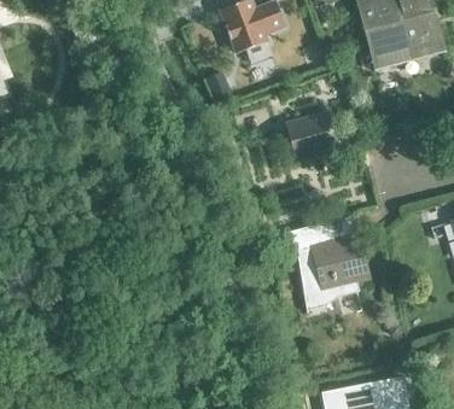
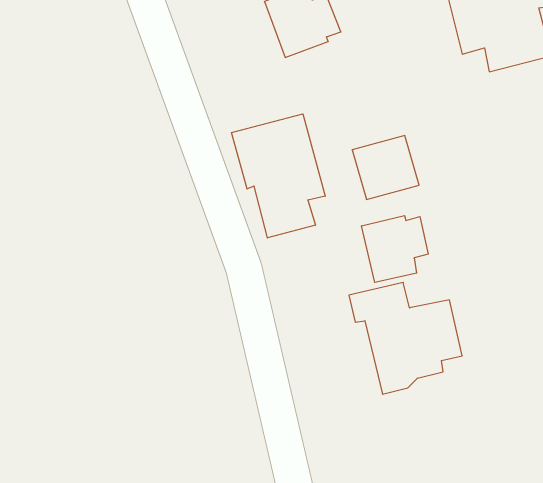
building: none -> [231,114,325,238]
building: none -> [362,216,428,282]

